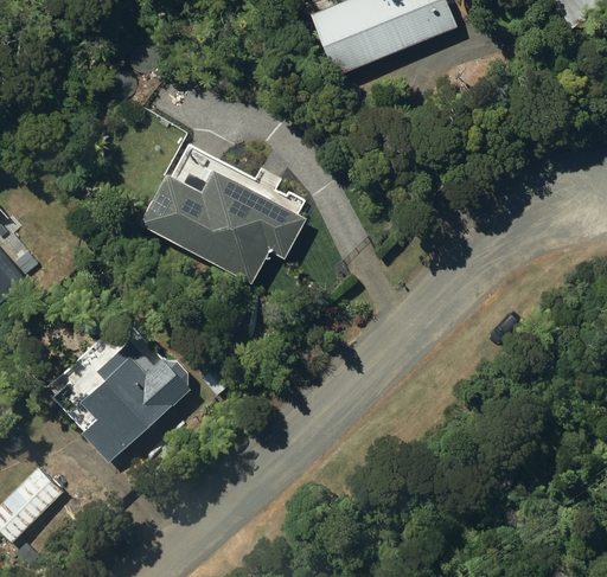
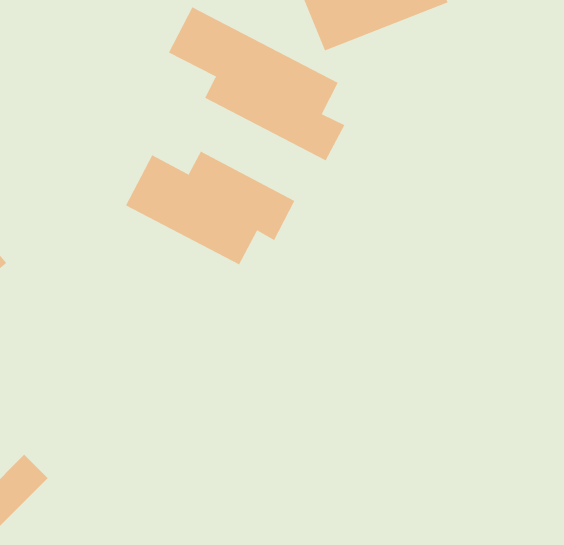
building: none -> [168,6,345,161]
building: [82,355,192,462] -> none

